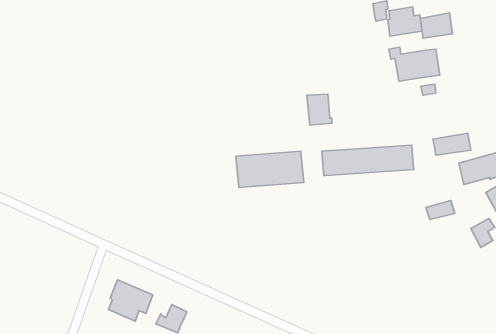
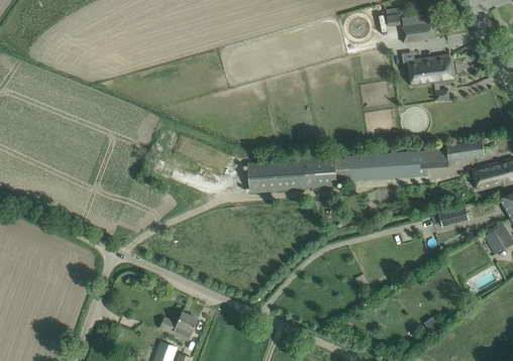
building: [420,13,452,38] -> none
building: [307,94,332,125] -> [313,157,338,189]
building: none -> [425,149,449,167]
building: [109,280,153,321] -> none

